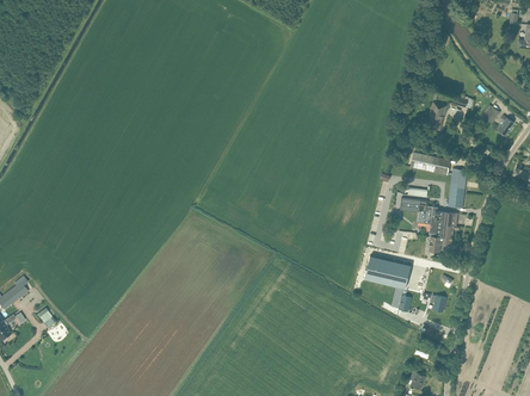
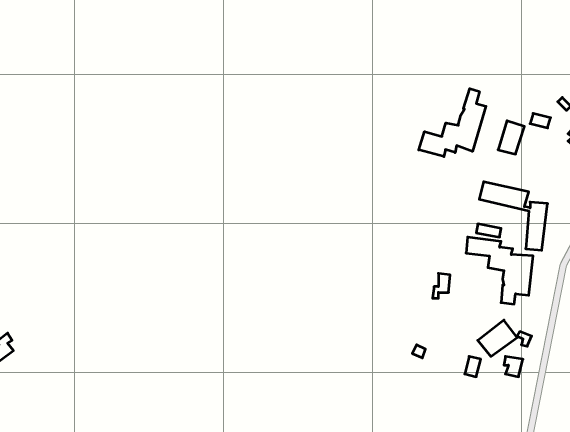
building: none -> [419,89,486,157]
building: [365,255,412,287] -> none

